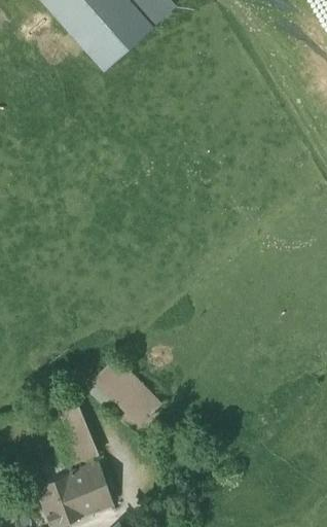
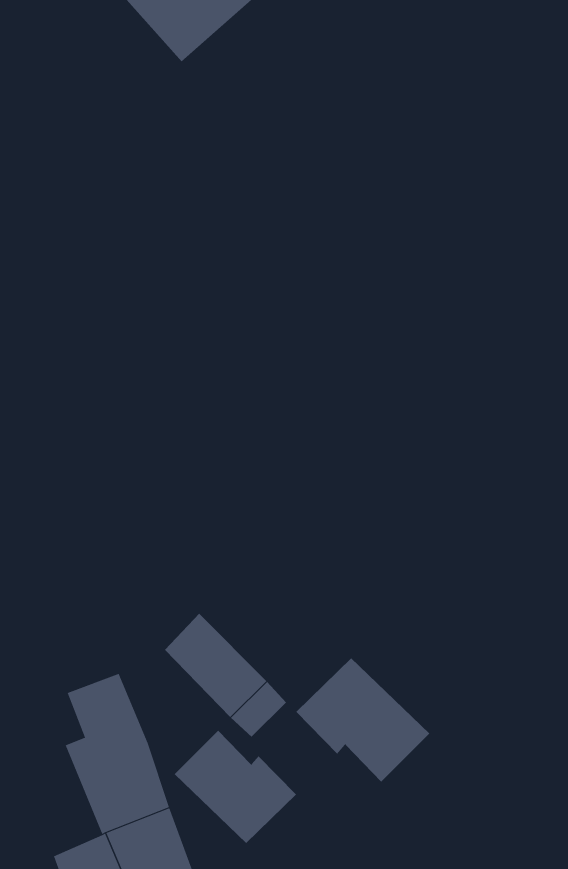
building: none -> [295,658,430,782]
building: none -> [174,730,297,844]

